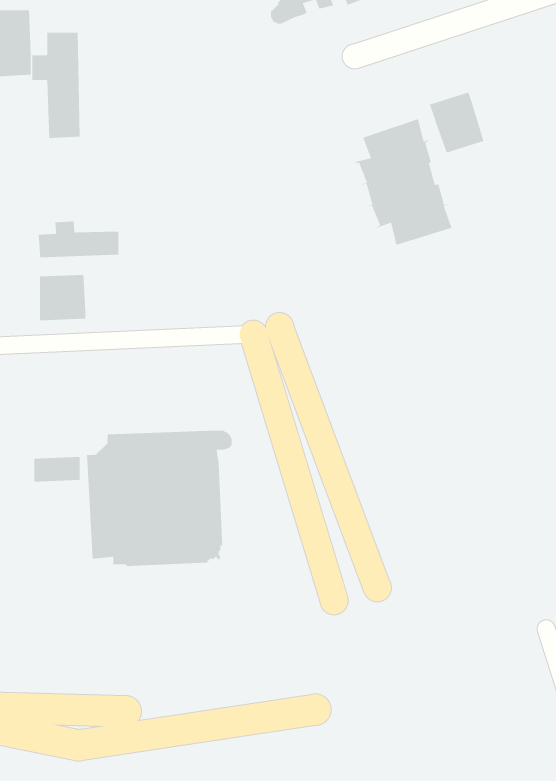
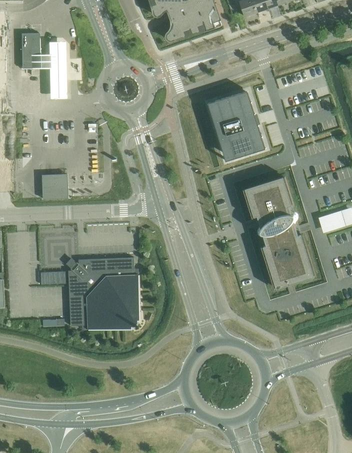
building: [429,92,485,153] -> none
building: [38,221,119,258] -> none
building: none -> [244,177,314,288]

